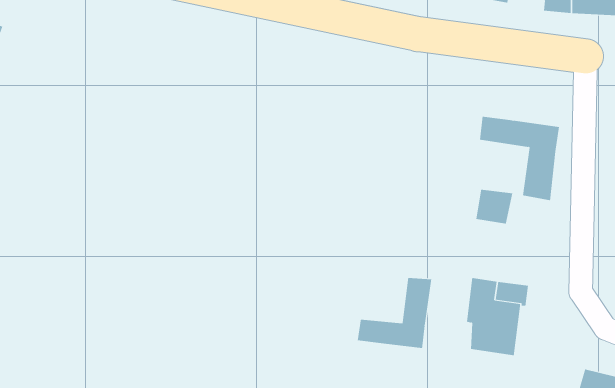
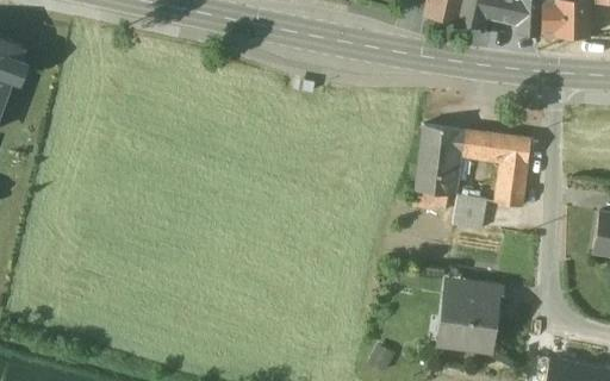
building: none -> [413,125,458,195]
building: [357,277,432,349] -> none

